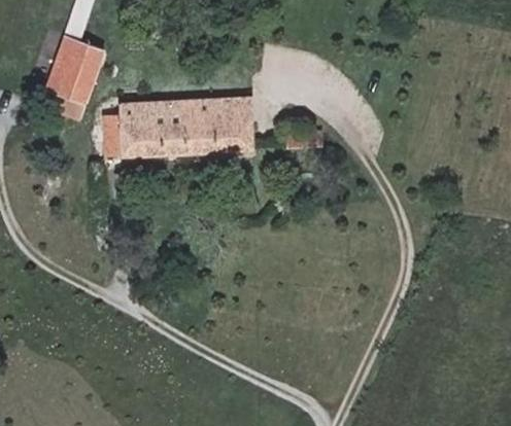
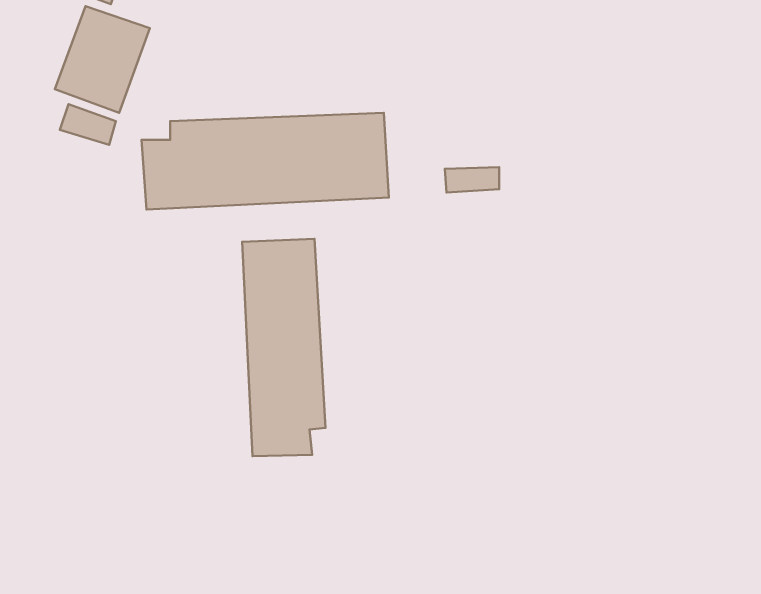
building: none -> [242,239,325,456]

